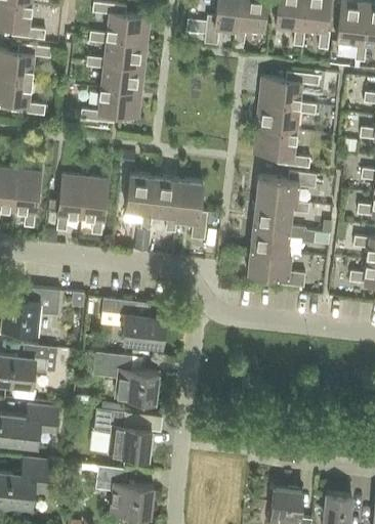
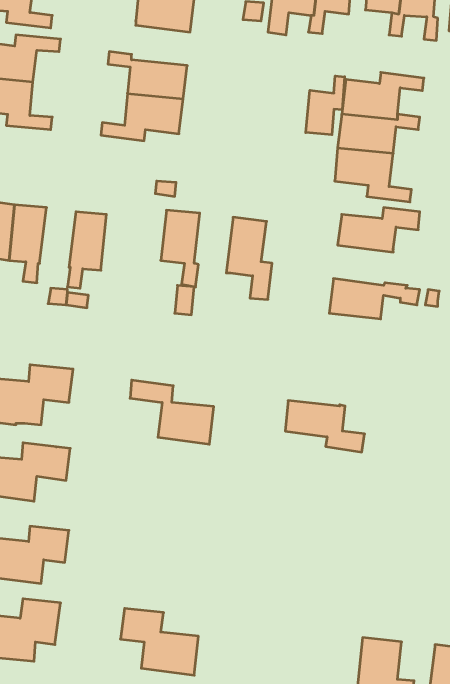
building: [89,32,147,67] -> none
building: none -> [306,76,345,135]
building: [150,175,178,231] -> none
building: [81,176,109,233] -> none
building: [252,199,308,228] -> none
building: [247,249,305,287] -> [285,401,365,452]
building: [93,352,158,401] -> none
building: [94,408,152,457] -> none

